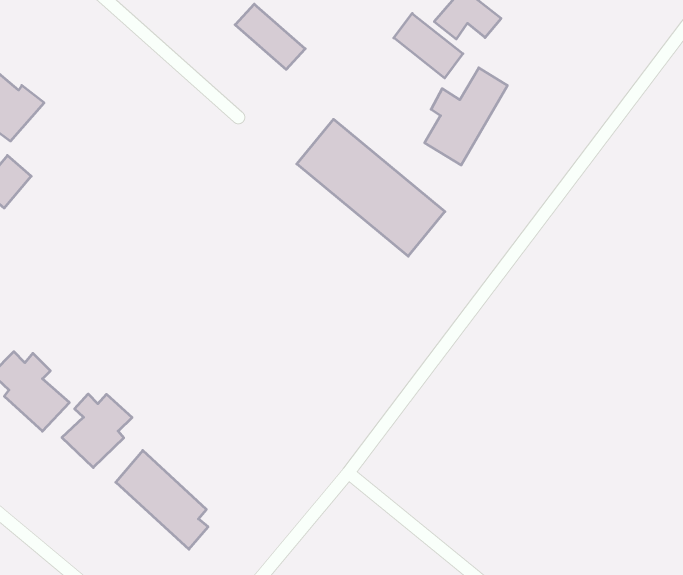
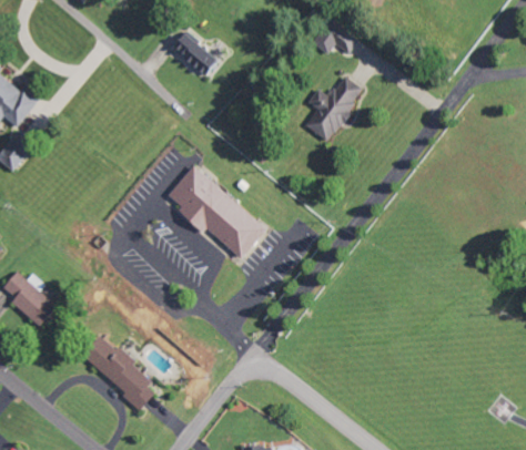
building: [394,13,463,78] -> none
building: [297,119,445,256] -> [166,165,270,260]
building: [62,394,132,468] -> none

